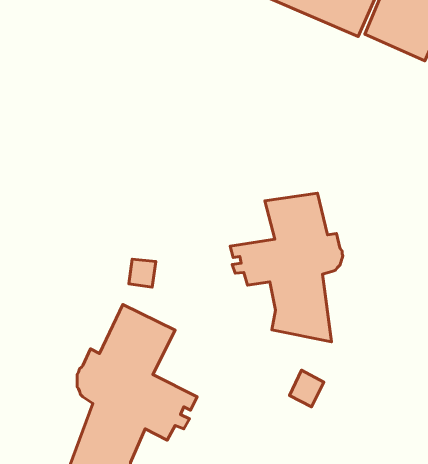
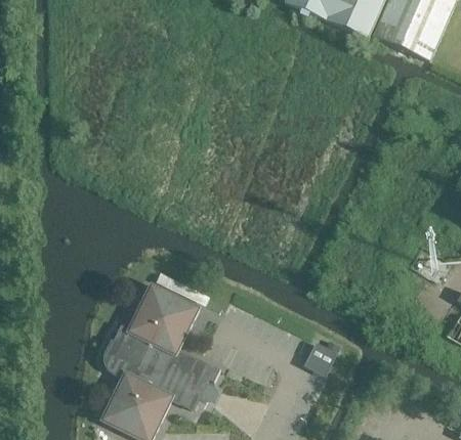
building: [230,193,343,342] -> none
building: [129,259,156,287] -> none

